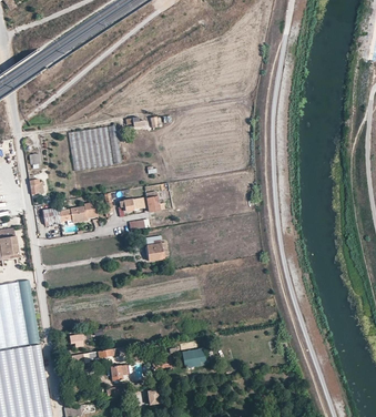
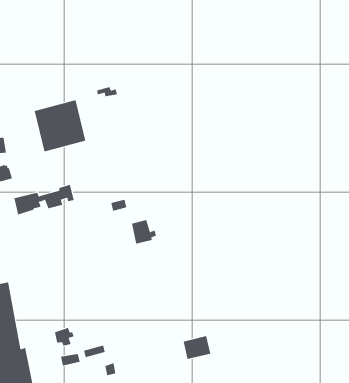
building: [121,195,164,212] -> none

